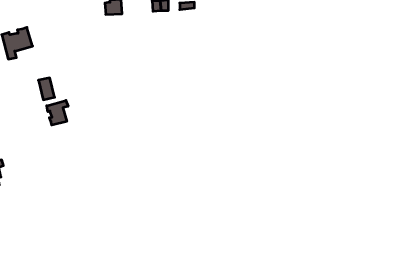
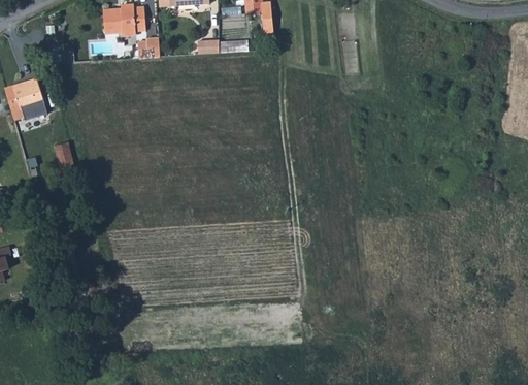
building: [47,100,68,125] -> none

